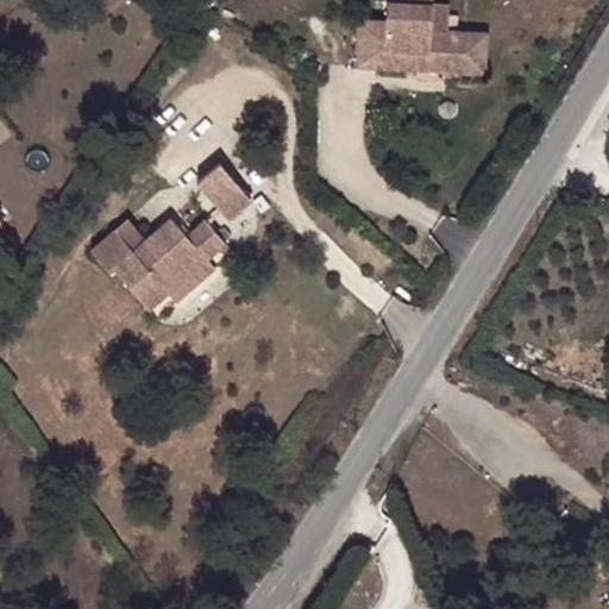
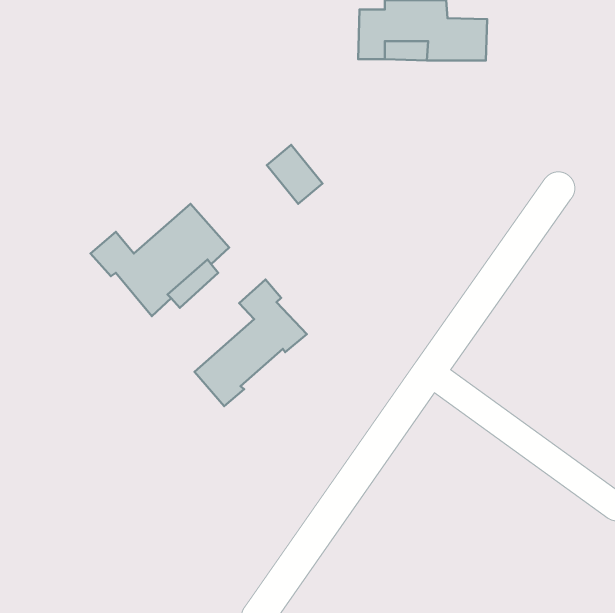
building: [197,167,252,225] -> [267,145,322,204]
building: none -> [195,280,307,406]

